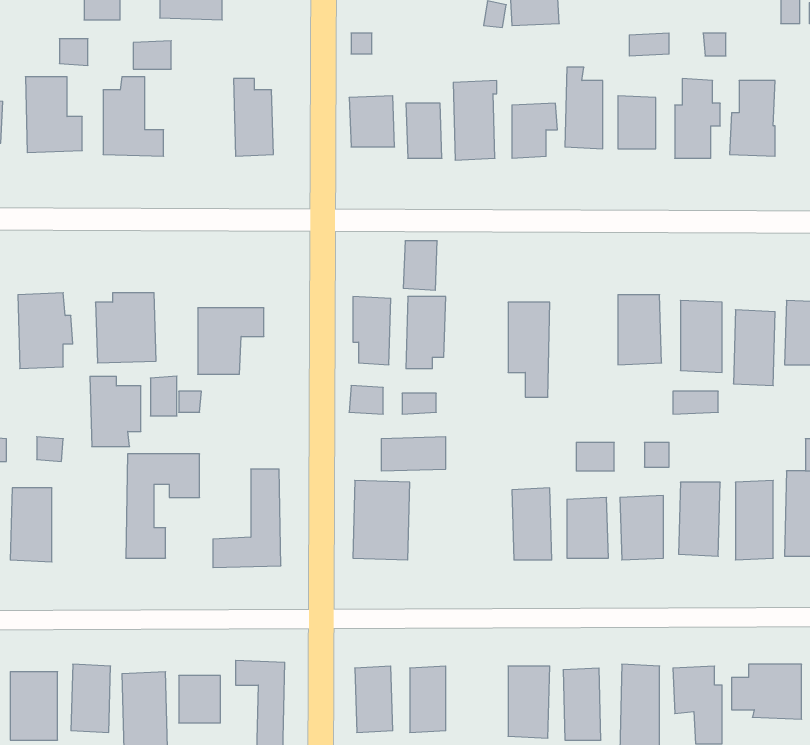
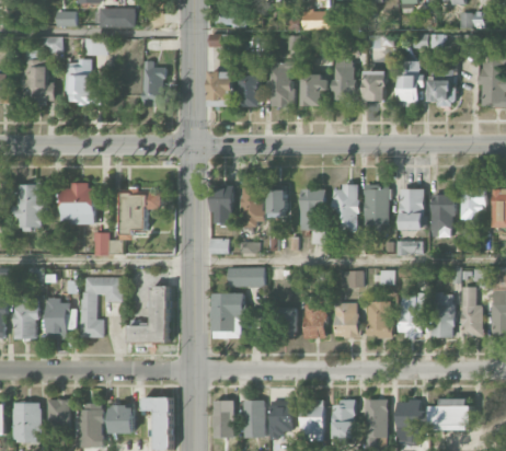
building: [403,241,437,290] -> [267,189,287,218]
building: none -> [333,185,358,231]
building: [90,376,141,447] -> [44,298,73,338]
building: none -> [277,307,295,337]
building: none -> [268,401,292,440]

